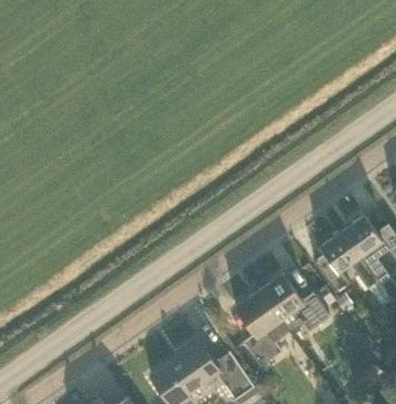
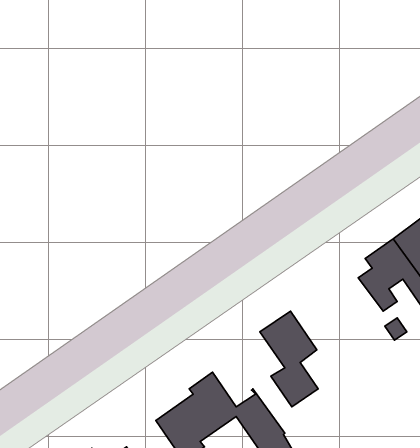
building: [259,273,330,332] -> none

